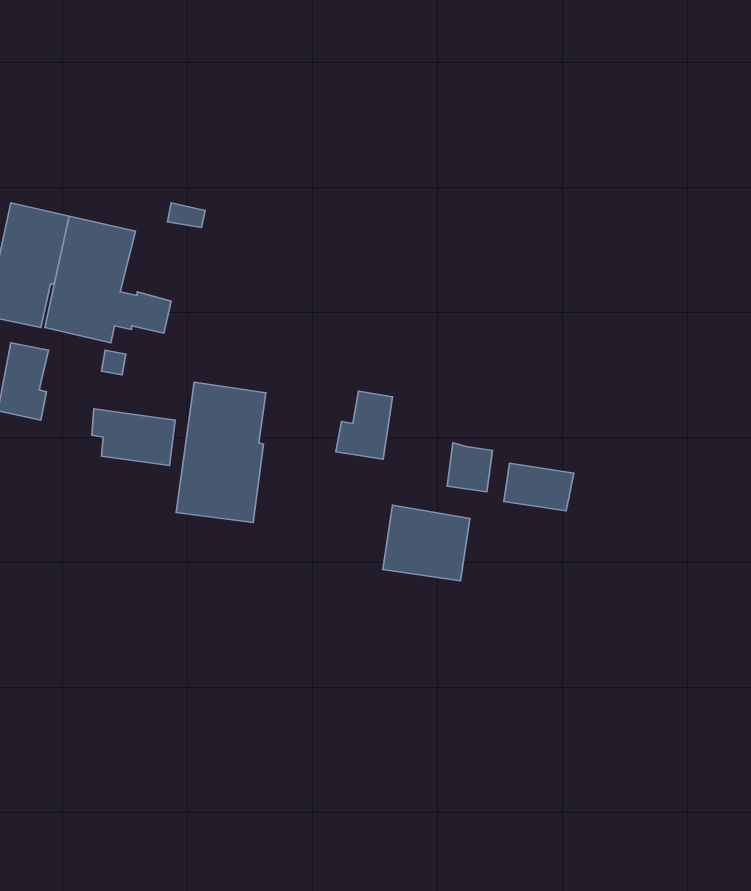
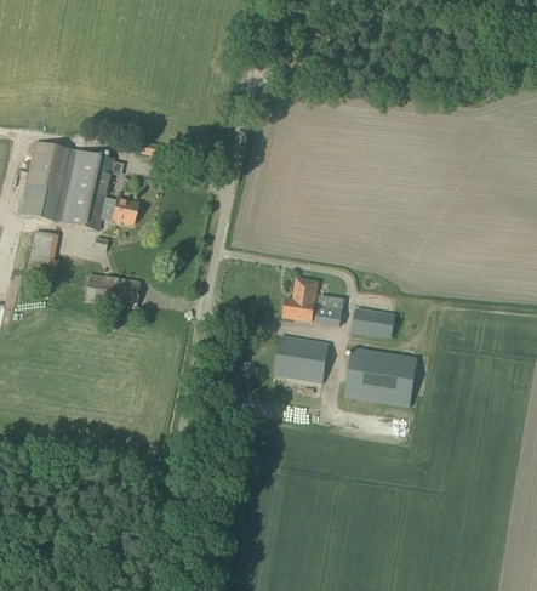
building: [176,382,266,523] -> none
building: [336,391,393,459] -> [281,277,318,320]
building: none -> [343,345,417,407]

